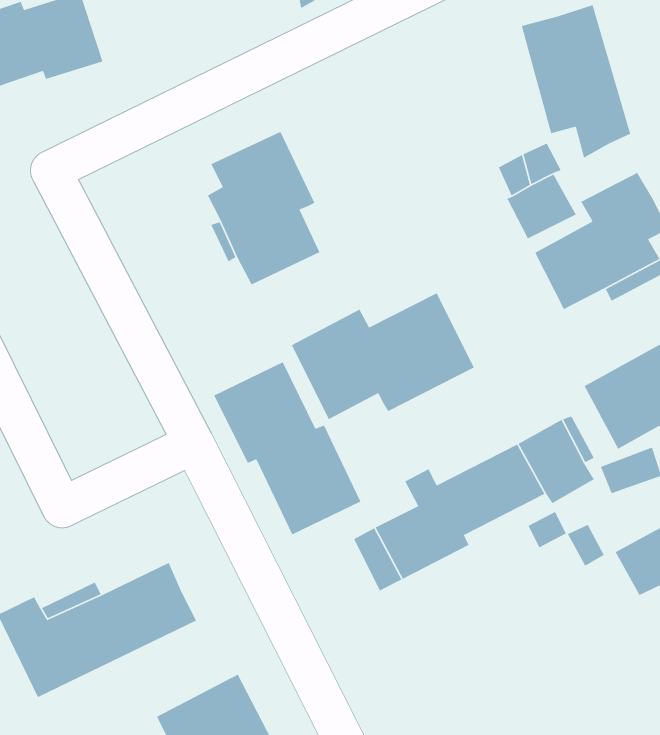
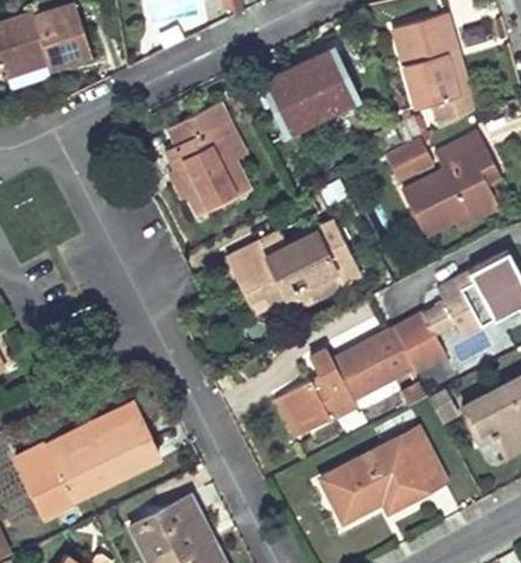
building: none -> [262,57,357,133]
building: [213,361,362,536] -> none
building: none -> [323,428,446,519]

